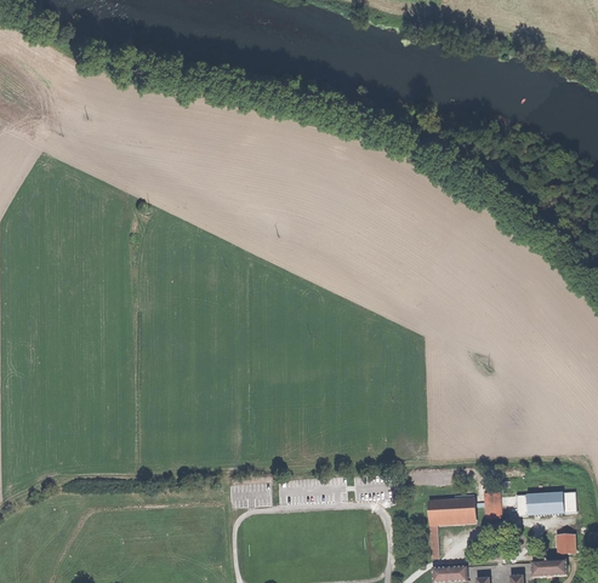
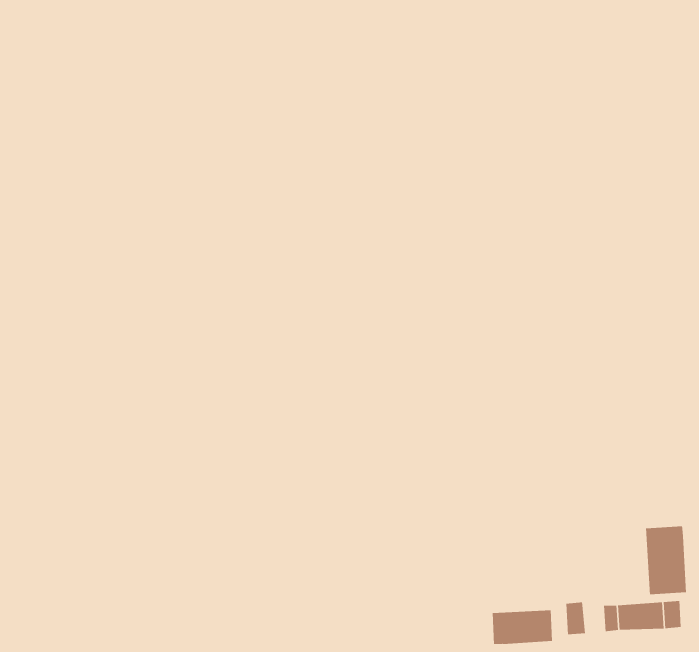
building: none -> [645,525,686,595]

